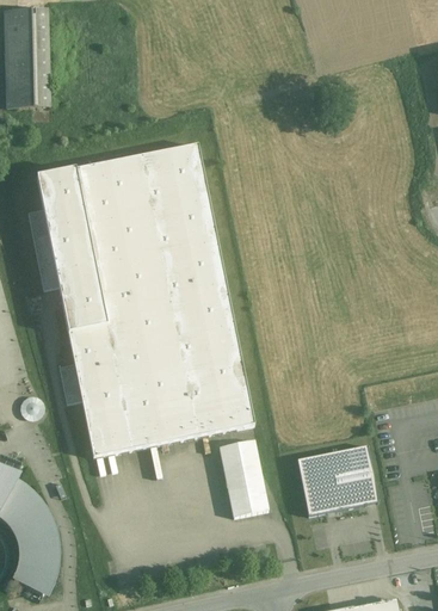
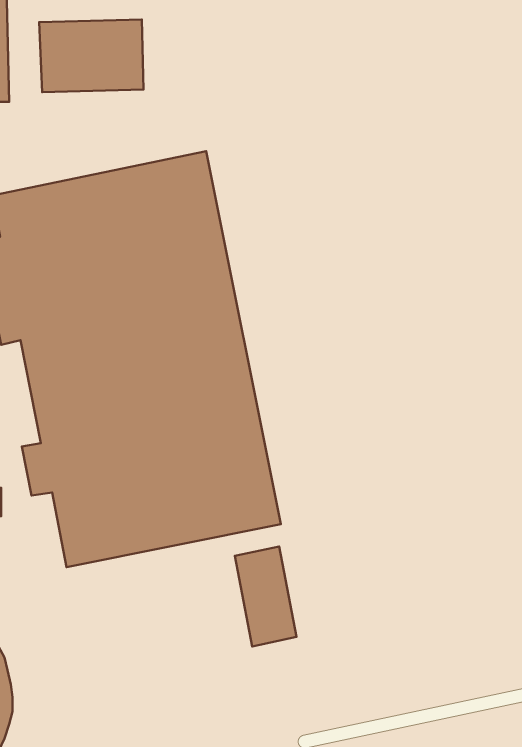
building: none -> [39,20,143,92]
building: [292,445,377,517] -> none

